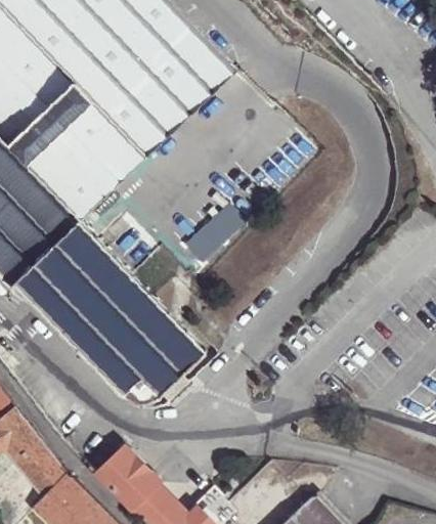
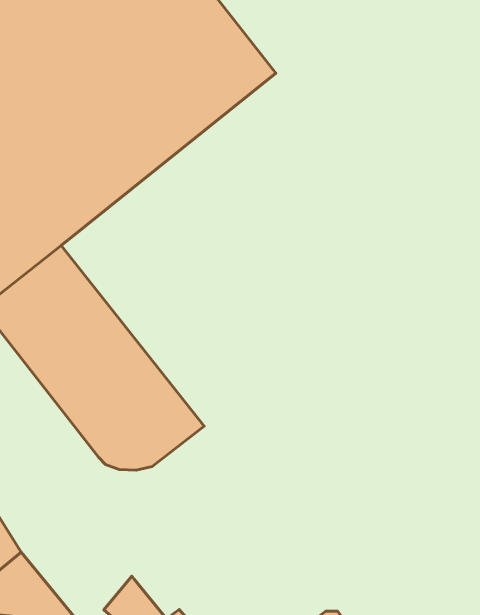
building: [98,444,160,510] -> none

